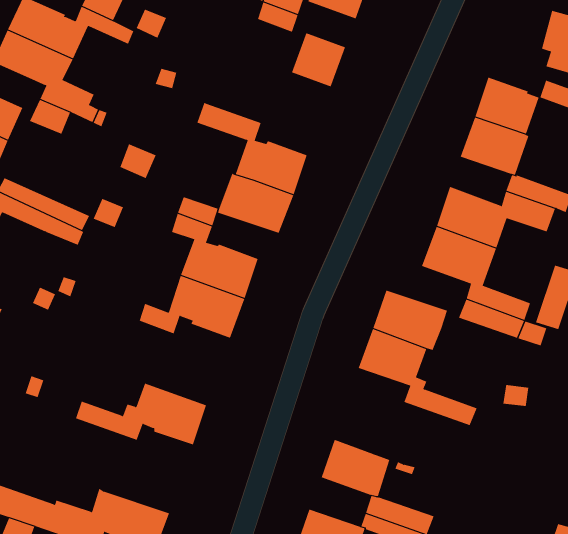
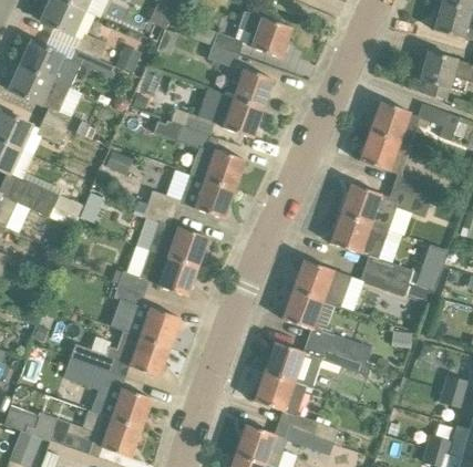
building: none -> [168,94,261,138]
building: none -> [109,283,179,346]
building: none -> [264,341,370,387]
building: none -> [62,356,151,427]

